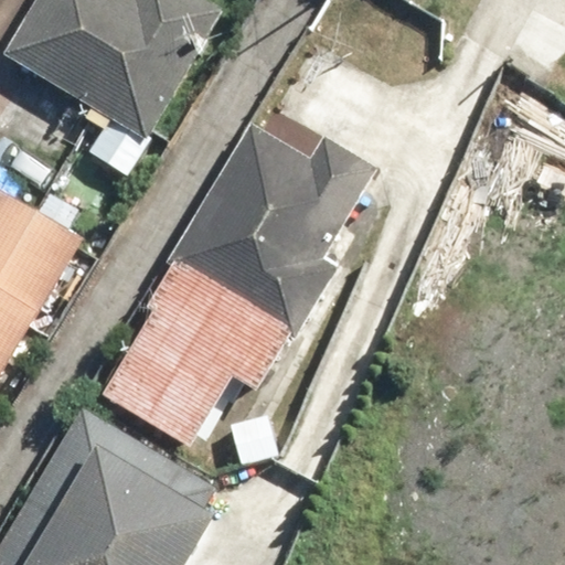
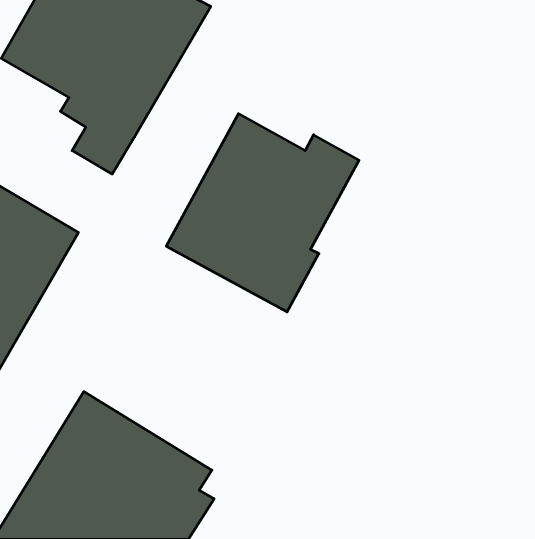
building: [99,256,299,445] -> none

